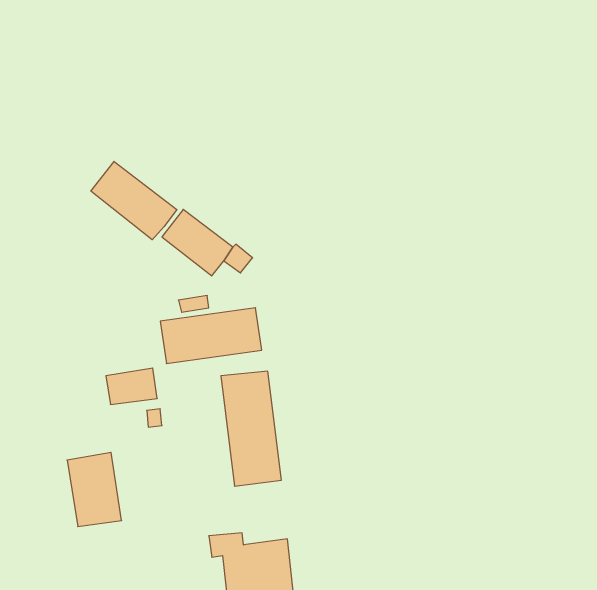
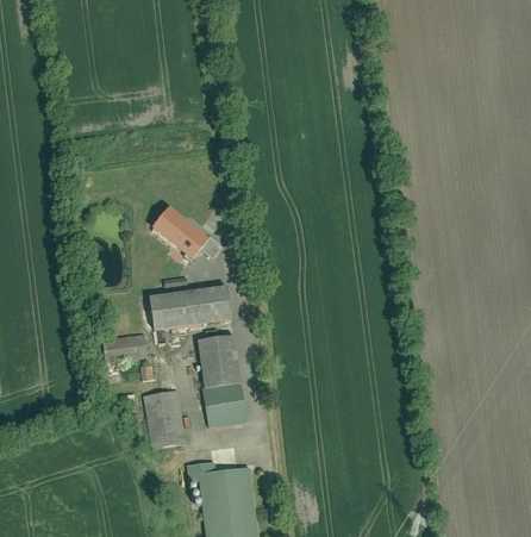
building: [91,161,177,240] -> none
building: [67,452,122,527] -> [144,388,187,447]

